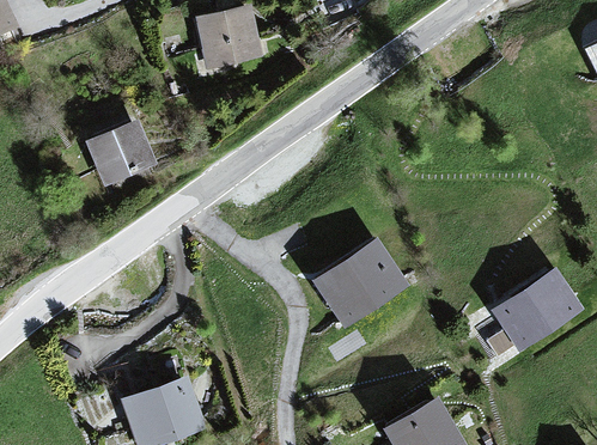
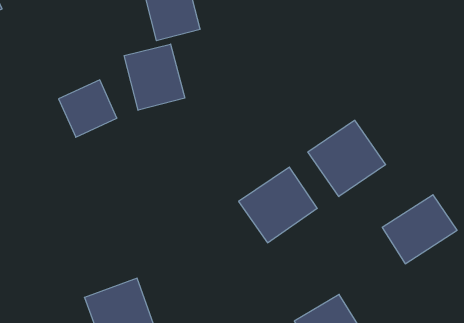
building: none -> [124,44,185,110]
building: none -> [308,120,386,197]

